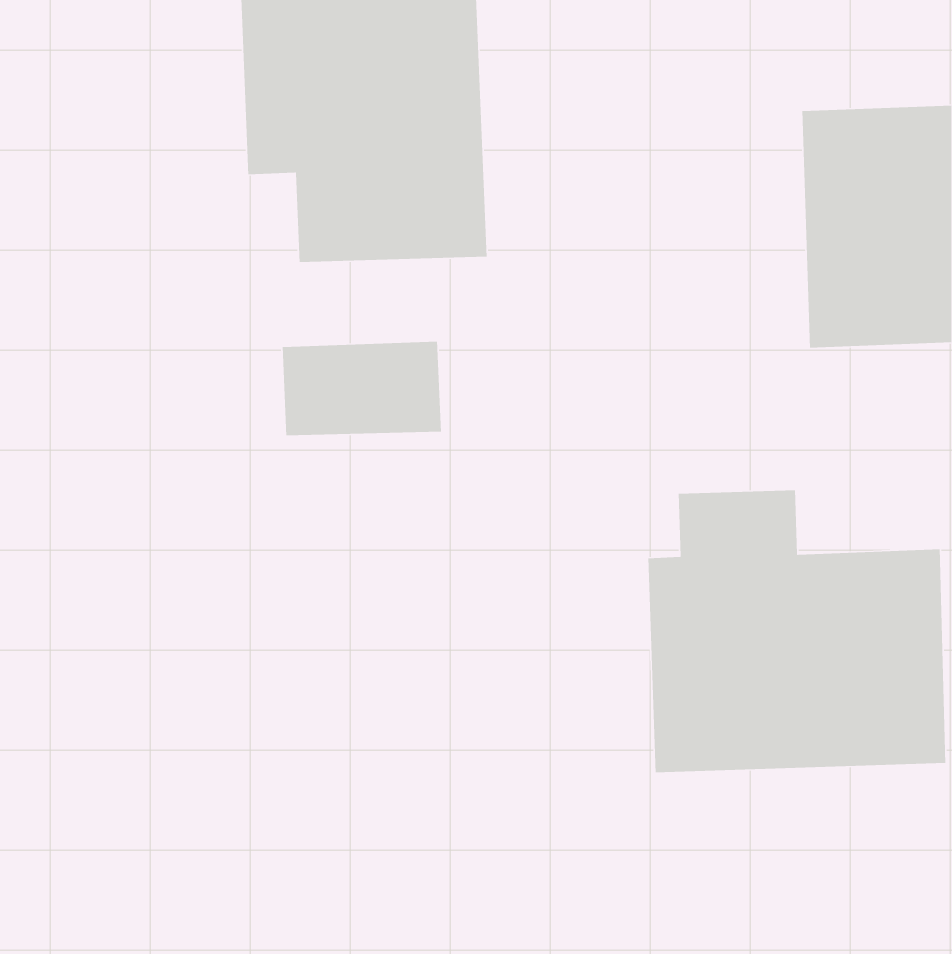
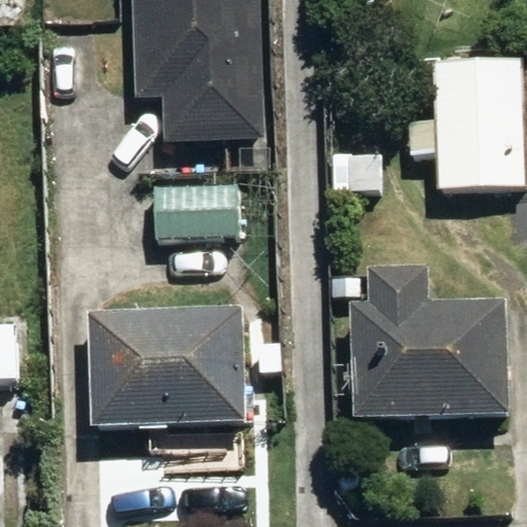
building: none -> [89,305,247,427]

